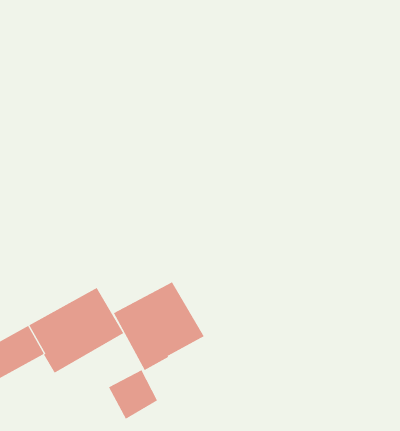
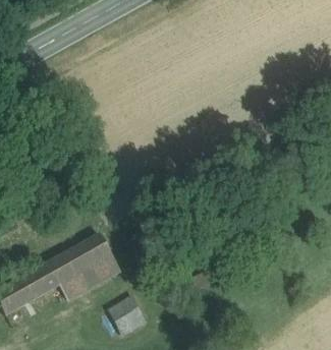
building: [113,281,204,371] -> none

